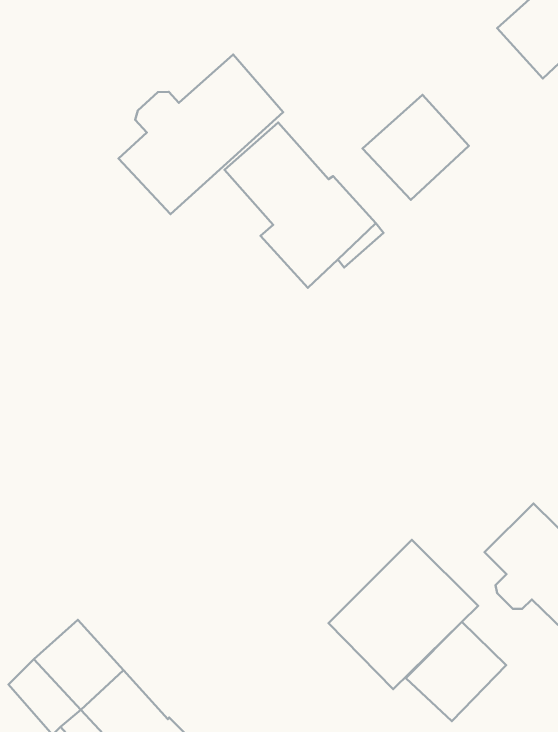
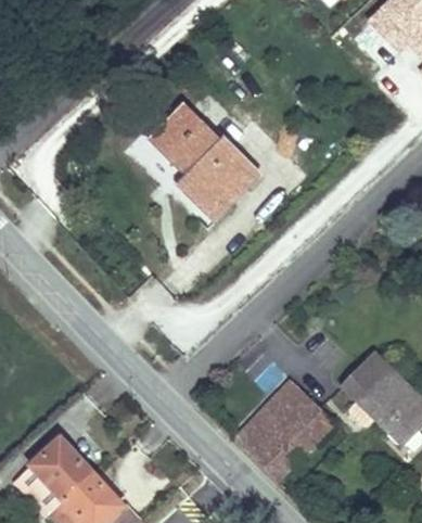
building: [119,54,283,214] -> none
building: [362,95,469,200] -> none
building: [406,622,506,721] -> none

